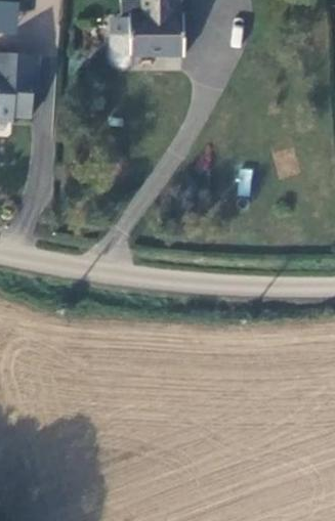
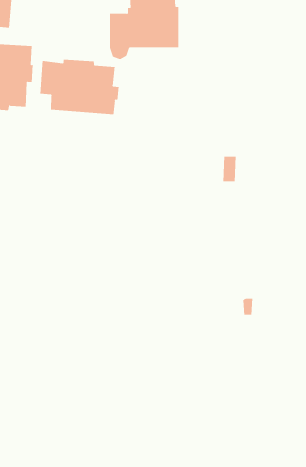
building: none -> [40,59,119,115]

